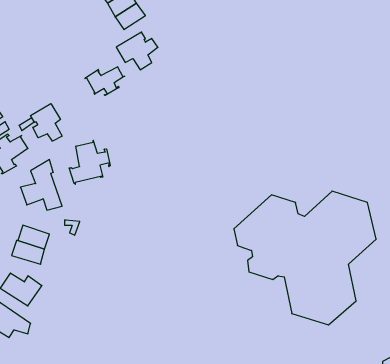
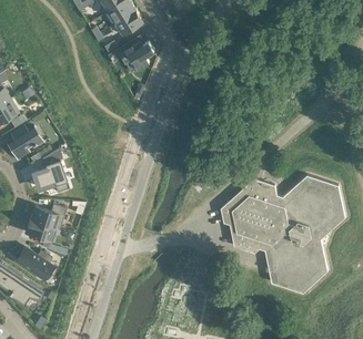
building: [85,67,125,95] -> none
building: [31,104,62,141] -> none
building: [69,140,110,184] -> none

